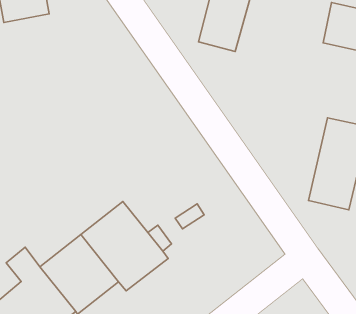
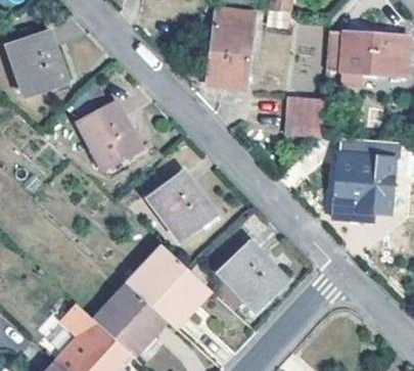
building: none -> [77,100,140,168]
building: none -> [284,98,323,137]
building: none -> [147,174,214,240]
building: none -> [218,243,286,312]

